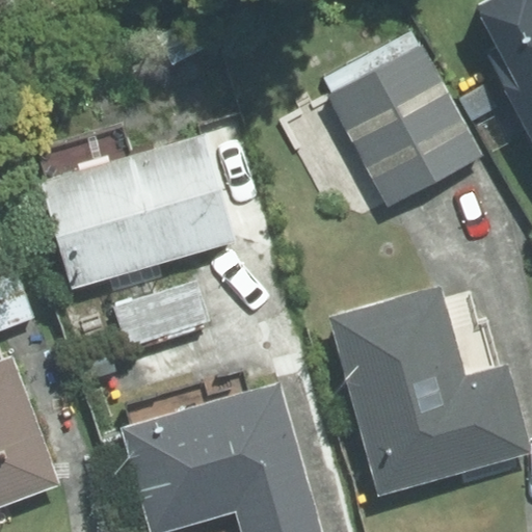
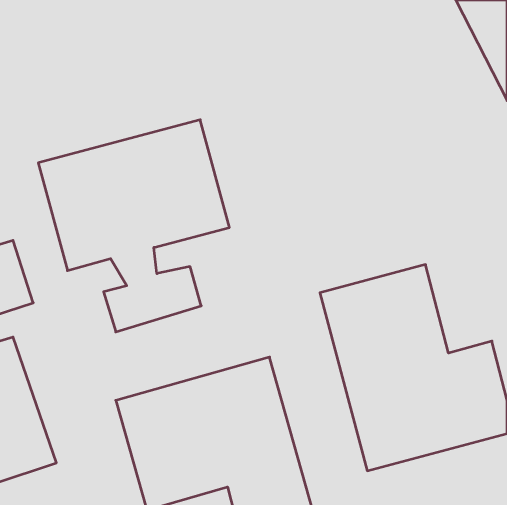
building: [325,46,482,208] -> none

